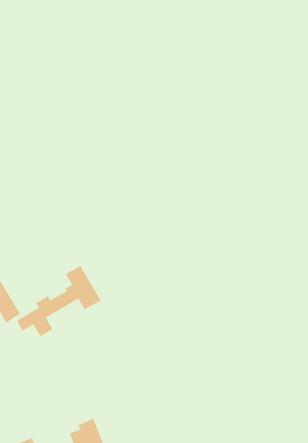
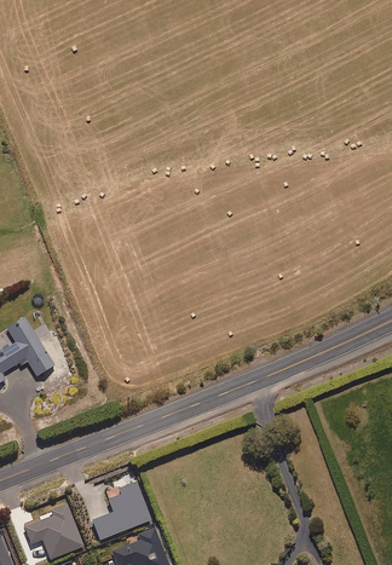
building: [16,265,102,337] -> none

